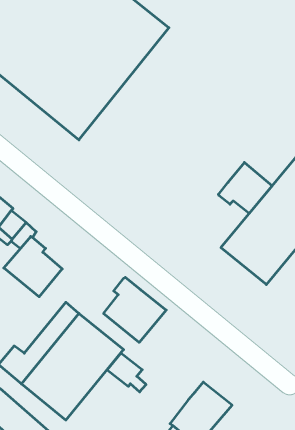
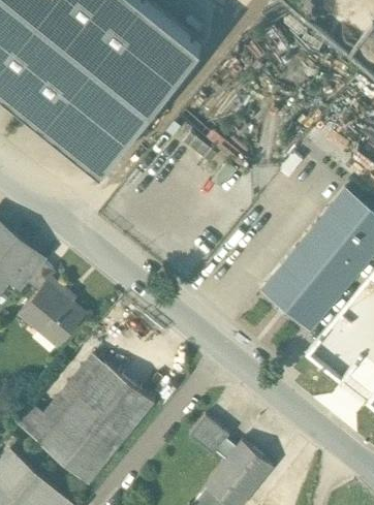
building: [218,162,272,214] -> none
building: [104,277,166,342] -> none
building: [107,353,146,392] -> [188,417,231,461]

